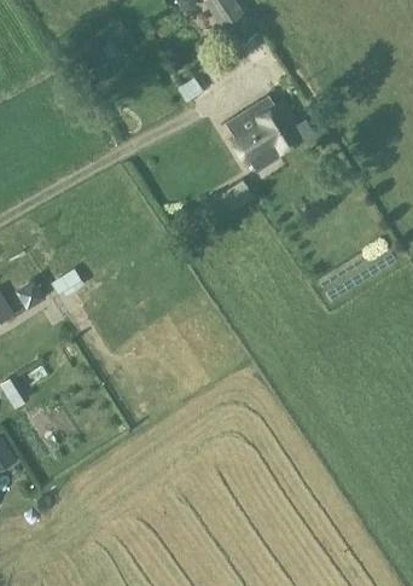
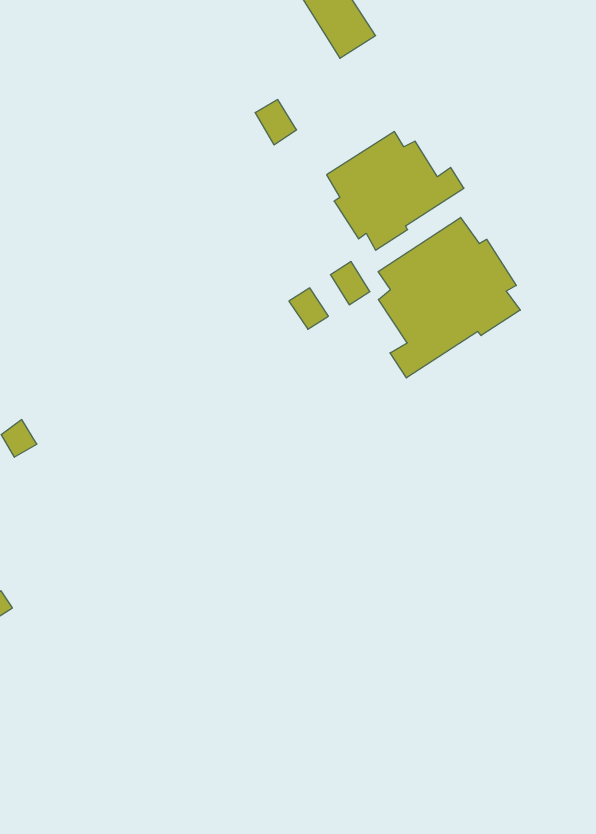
building: none -> [378,217,520,378]

